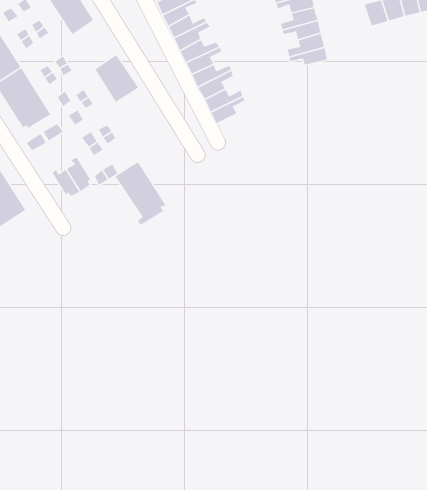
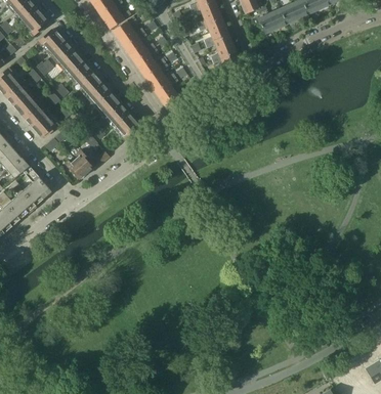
building: none -> [65,56,96,89]
building: [114,161,167,226] -> [100,97,138,140]

